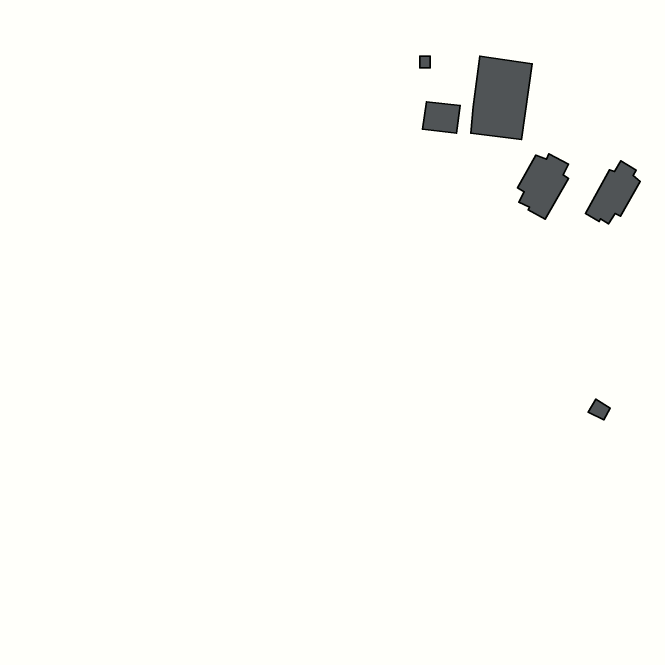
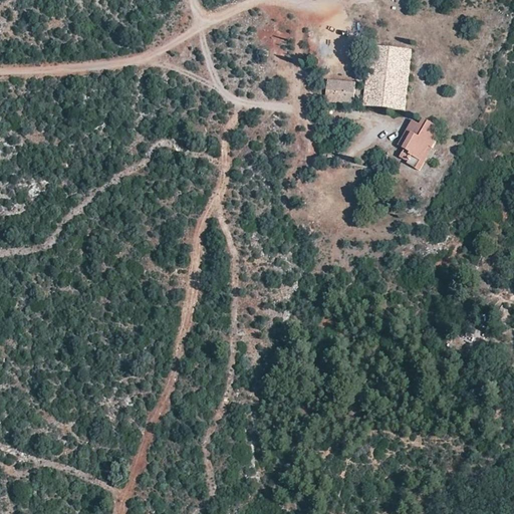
building: [586,161,640,224] -> none

